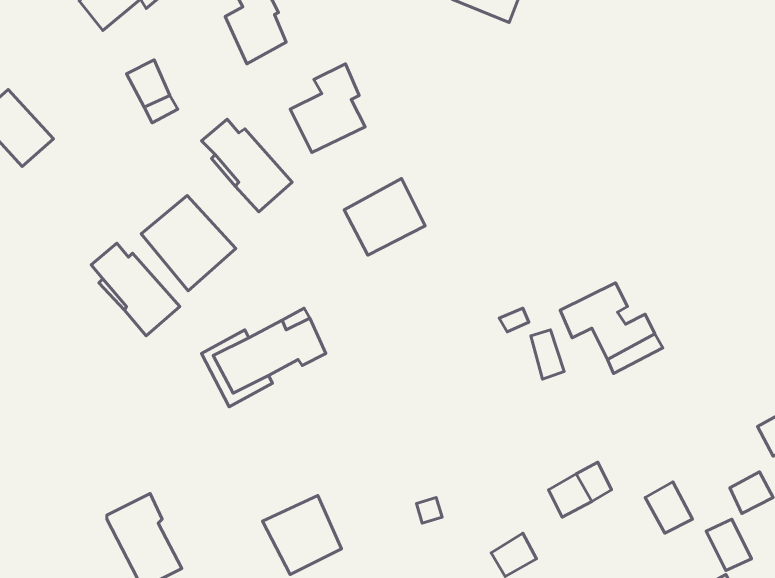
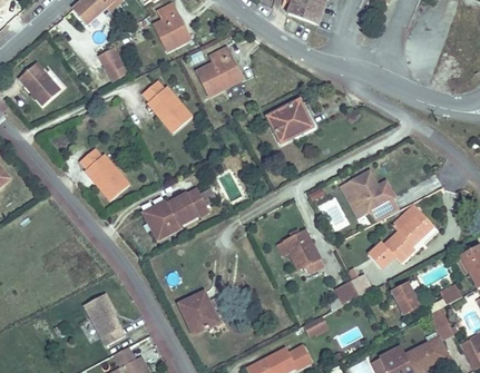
building: [344,178,425,255] -> [268,98,314,141]
building: [141,196,236,291] -> none
building: none -> [369,212,438,268]
building: none -> [284,232,323,274]

